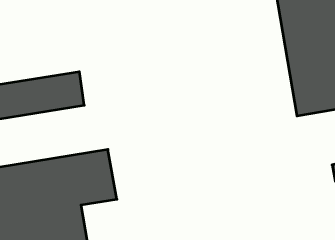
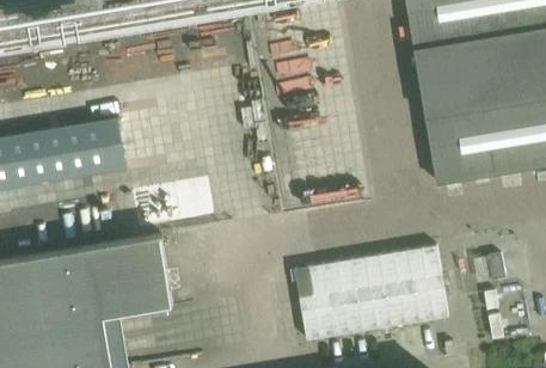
building: none -> [296,246,449,339]

